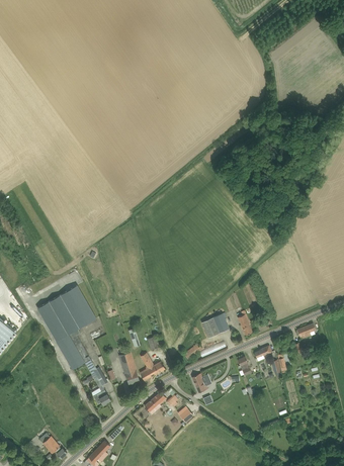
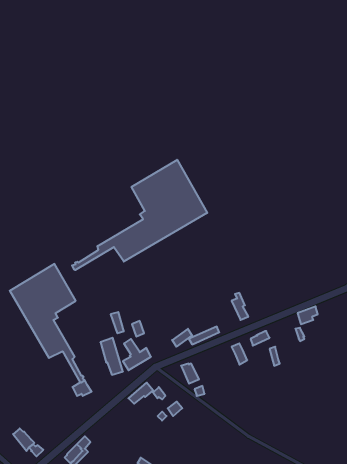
building: none -> [72,160,207,270]
building: [202,311,230,338] -> none

